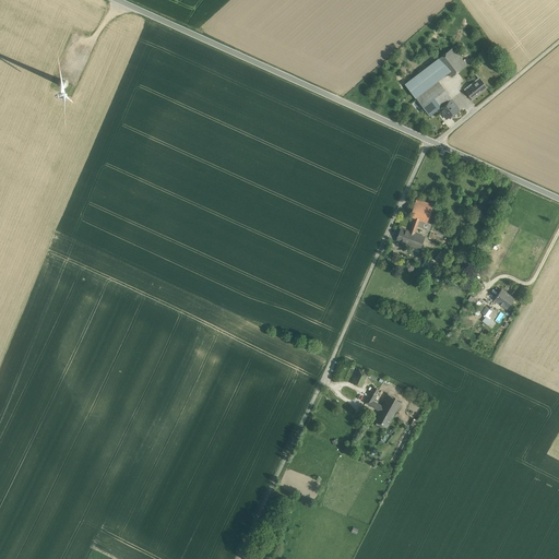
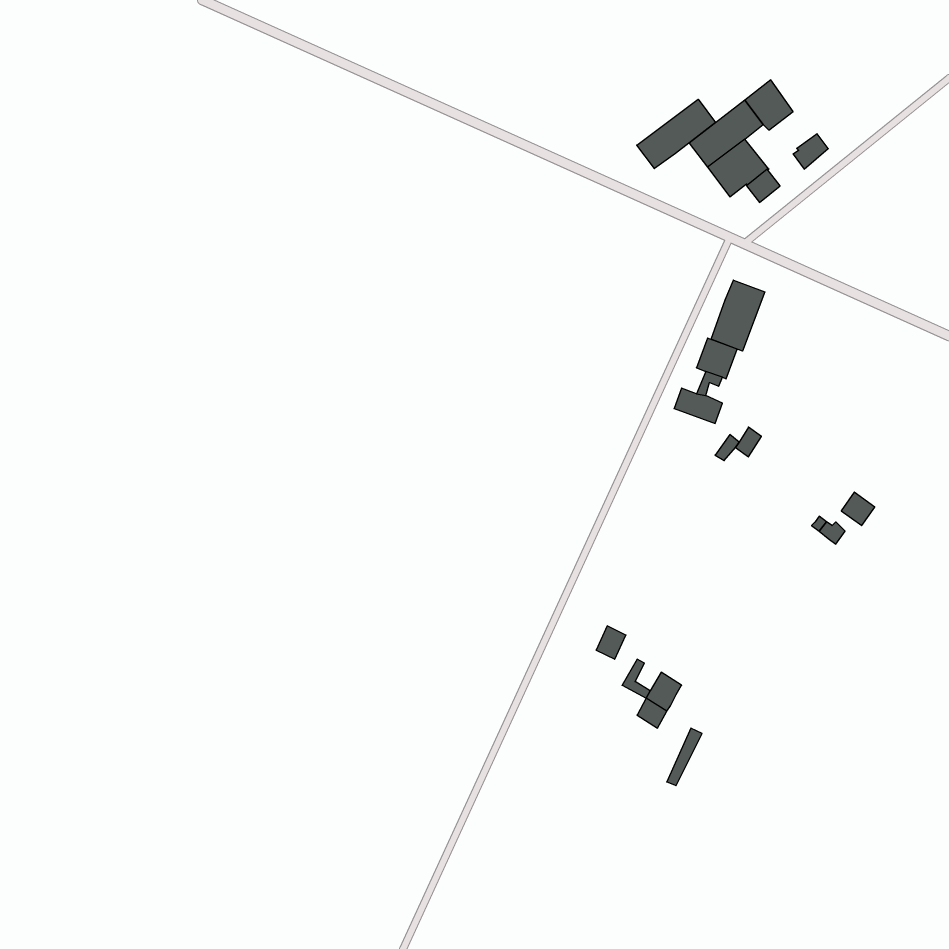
building: none -> [637,99,716,169]
building: none -> [711,280,765,351]

